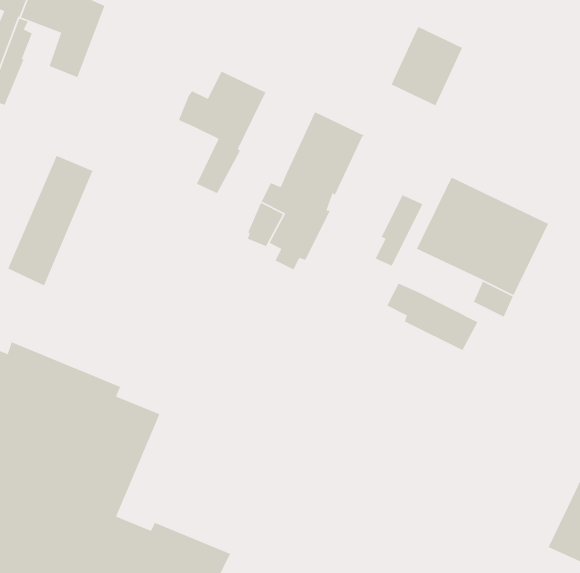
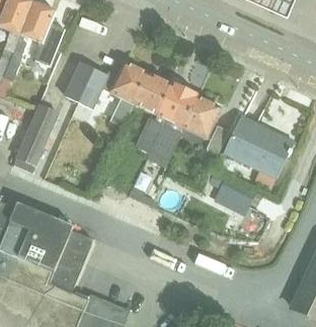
building: [390,26,463,106] -> [182,95,220,137]
building: none -> [65,62,106,107]
building: none -> [133,72,171,113]

